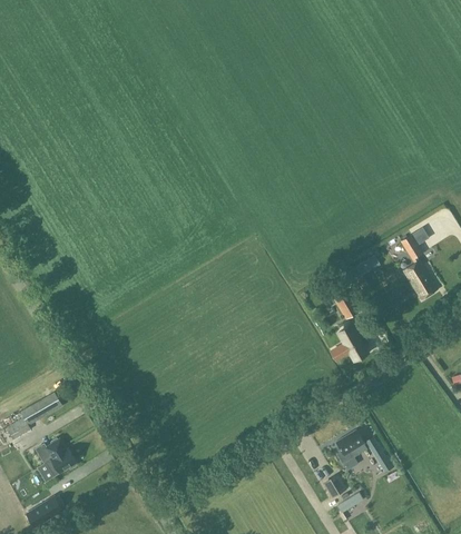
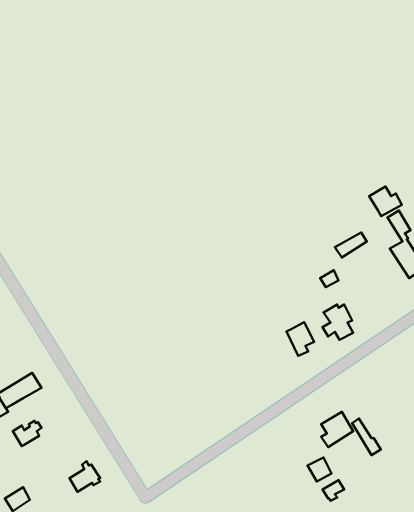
building: none -> [369,186,402,216]
building: none -> [286,322,314,356]
building: [47,445,77,475] -> [69,461,100,492]

